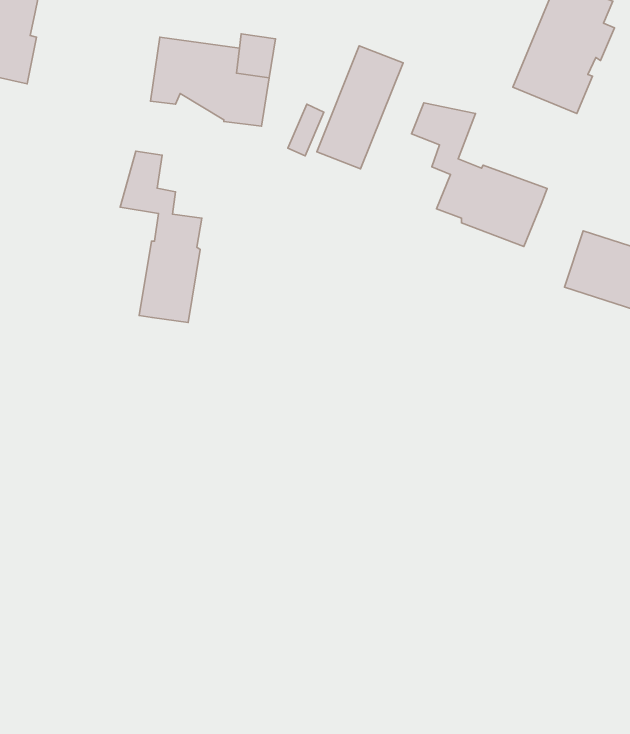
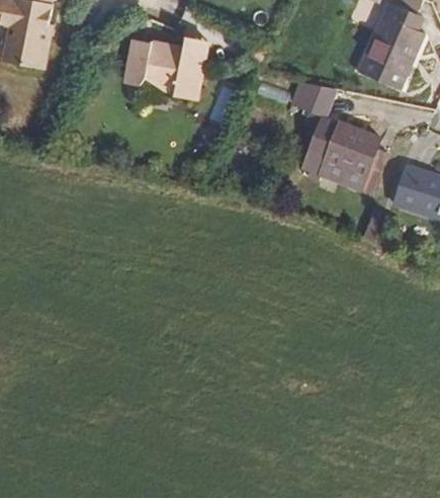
building: [317,46,403,169] -> none
building: [120,151,202,322] -> none
building: none -> [305,148,388,192]

